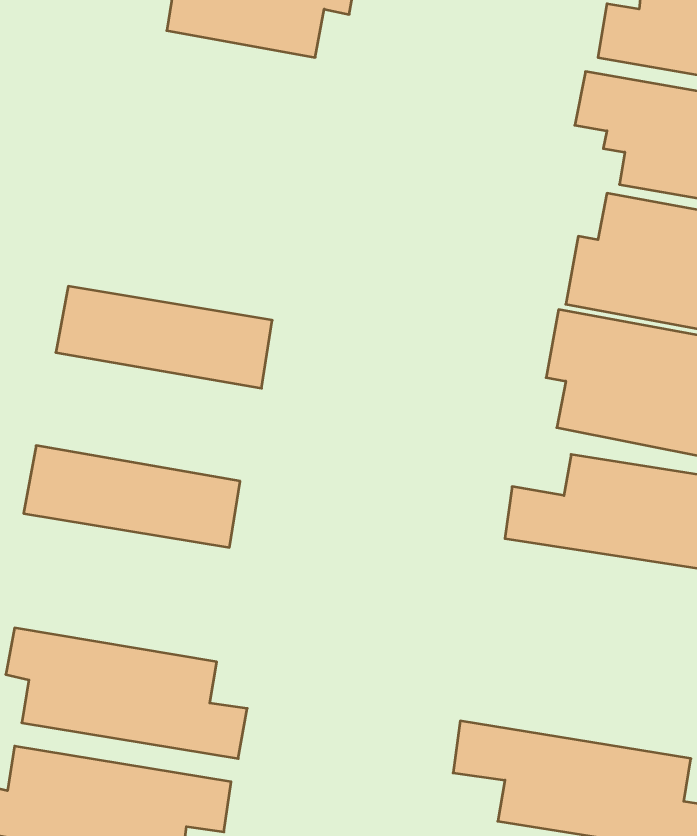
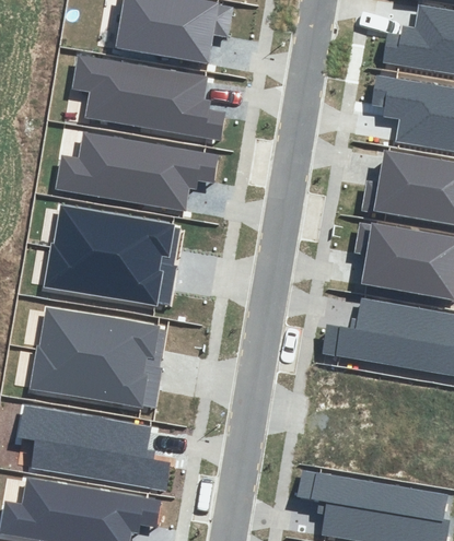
building: none -> [74,58,222,138]
building: none -> [56,133,211,207]
building: none -> [44,243,177,308]
building: none -> [24,341,158,405]

